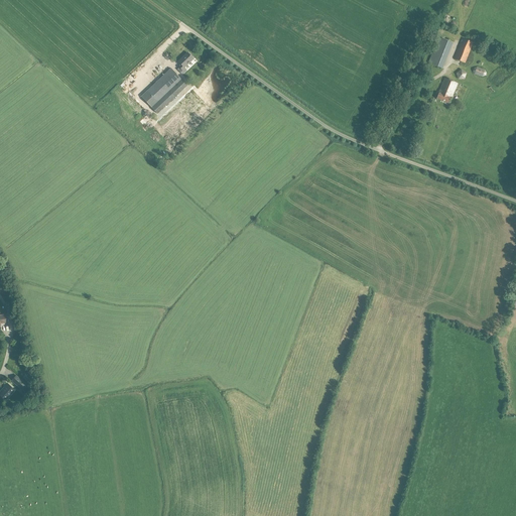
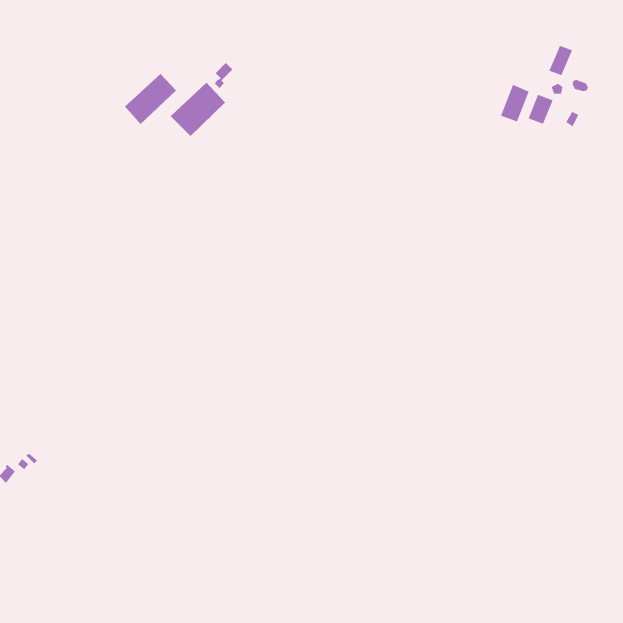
building: [427,36,452,68] -> [500,84,530,122]
building: none -> [124,73,177,125]

